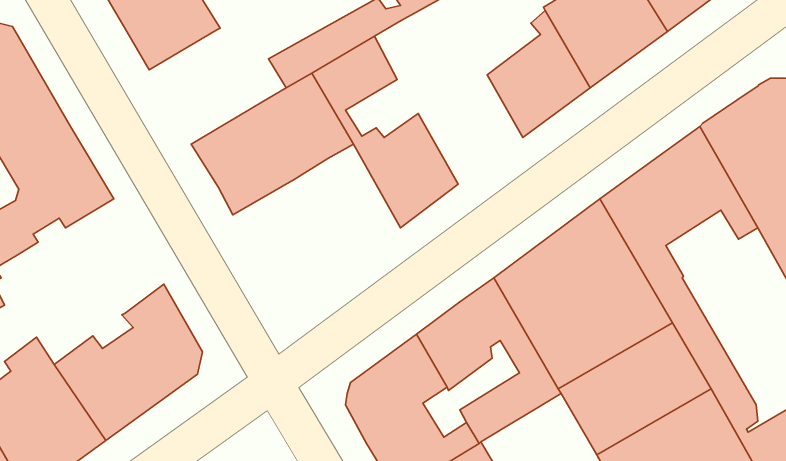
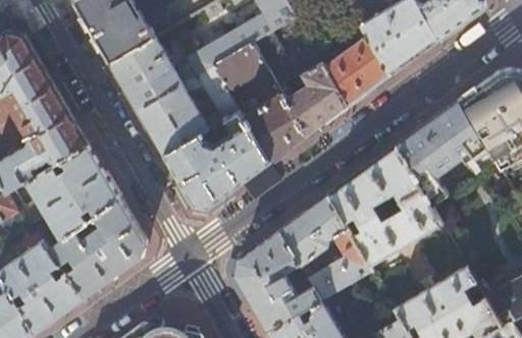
building: none -> [253,33,347,135]
building: none -> [110,38,181,110]
building: none -> [163,110,269,208]
building: none -> [23,145,119,240]

